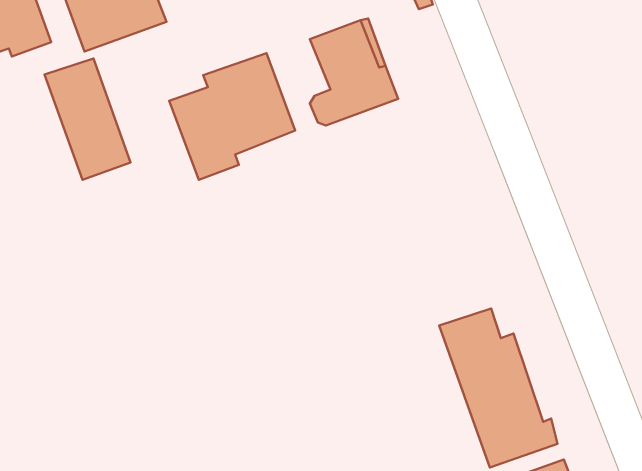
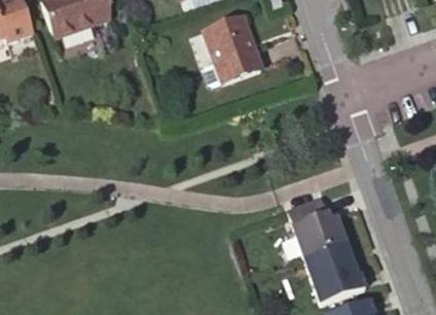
building: [169,53,295,180] -> none
building: [44,59,130,180] -> none

